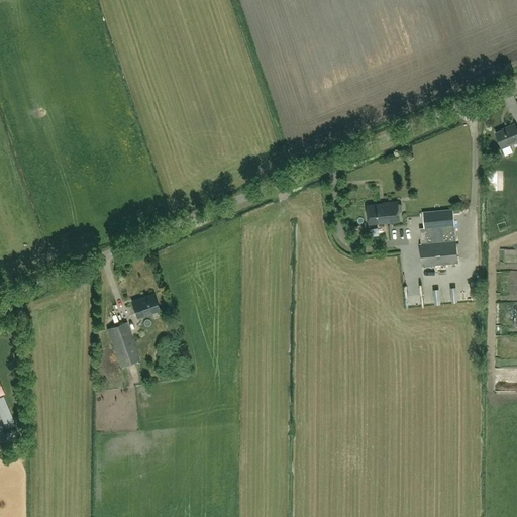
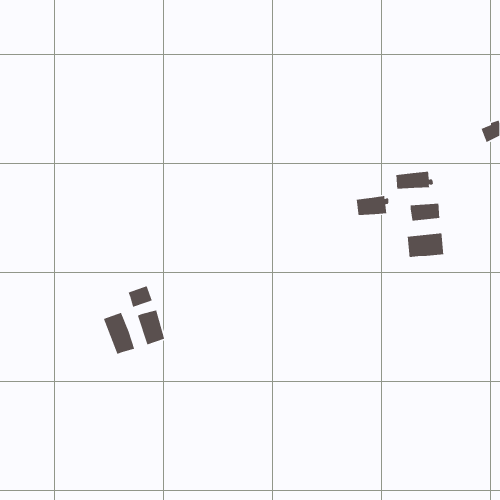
building: none -> [396,171,434,190]
building: none -> [137,309,165,346]

